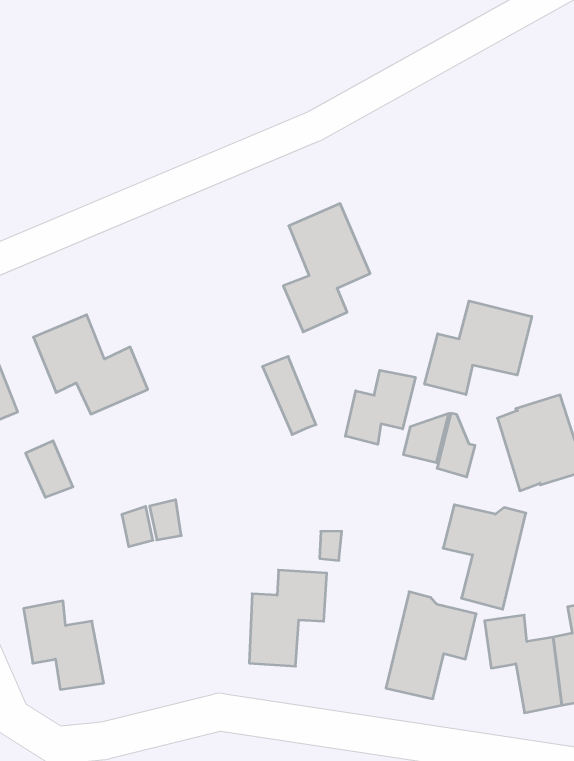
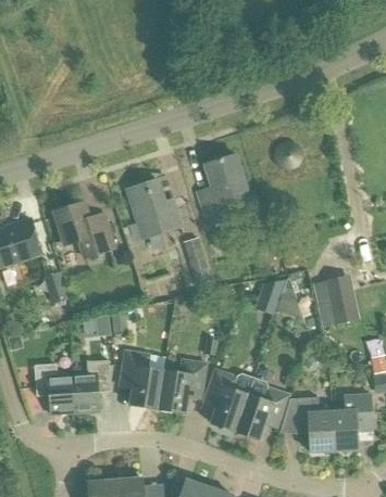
building: none -> [127,180,183,238]
building: [425,301,532,395] -> none
building: [345,370,415,444] -> none
building: [443,505,526,609] -> [204,369,253,431]
building: none -> [120,349,164,409]
building: none -> [72,360,111,412]

